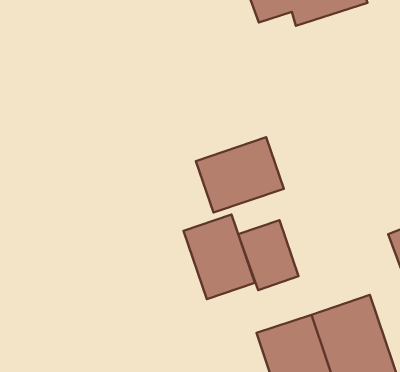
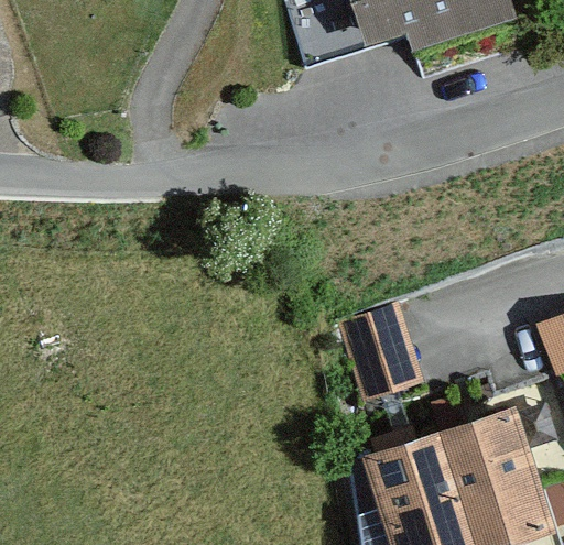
building: [196,137,284,213] -> none
building: [183,214,255,299] -> none

